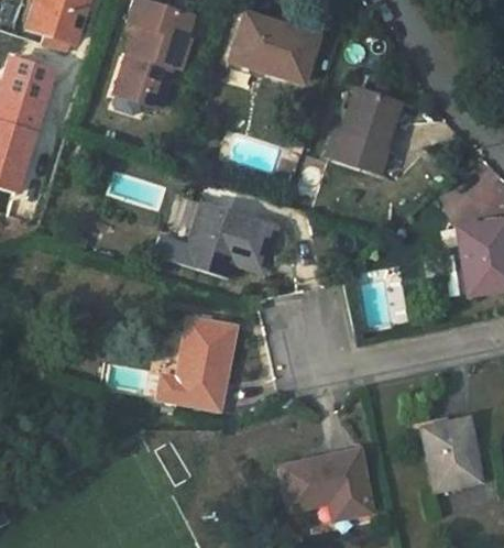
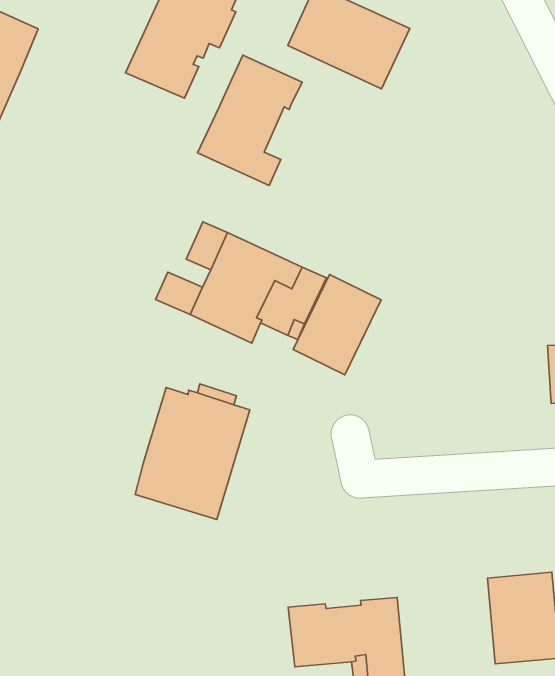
building: none -> [197,55,302,185]
building: [329,88,402,173] -> none
building: none -> [293,275,381,375]

